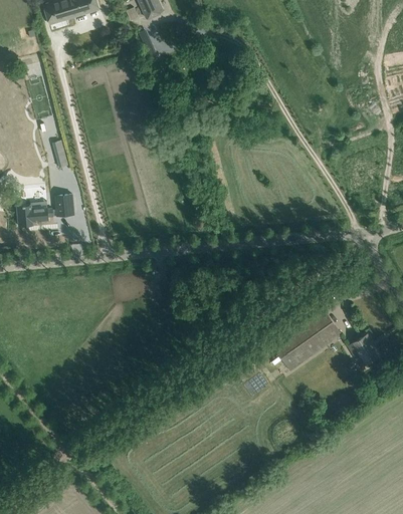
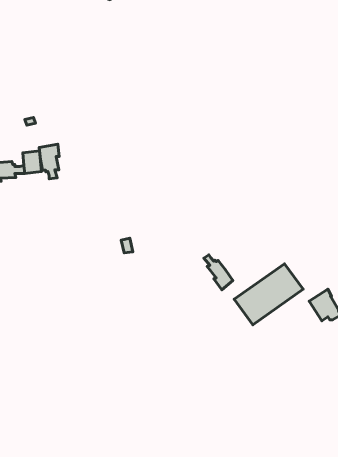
building: none -> [39,144,59,179]
building: none -> [204,255,233,290]

